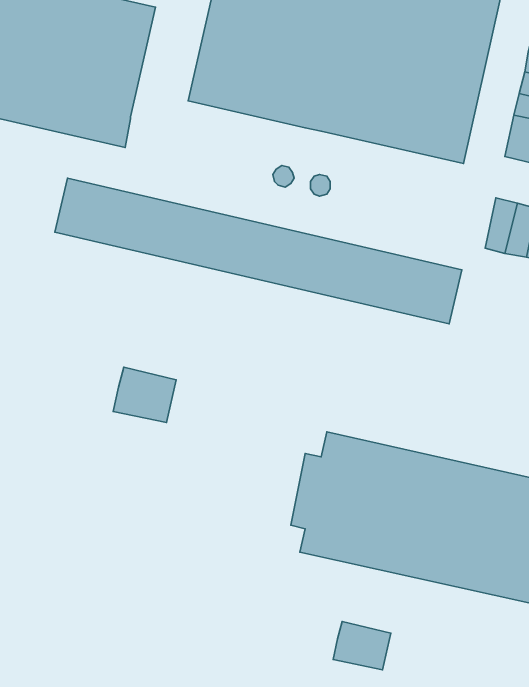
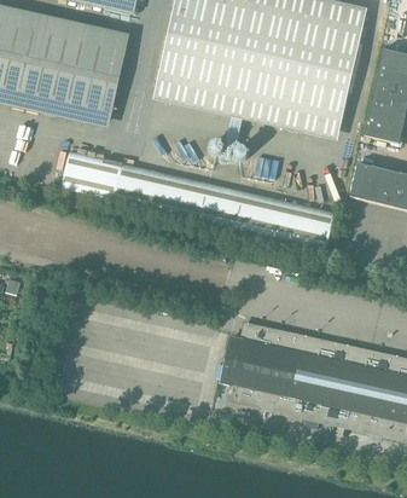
building: [113,367,176,423] -> none
building: [333,622,391,670] -> none

